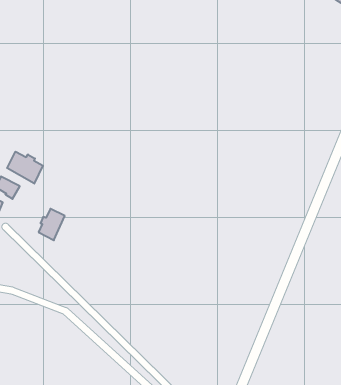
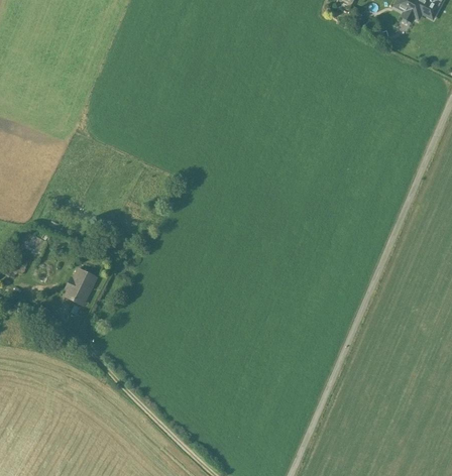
building: [7,152,43,184] -> none

